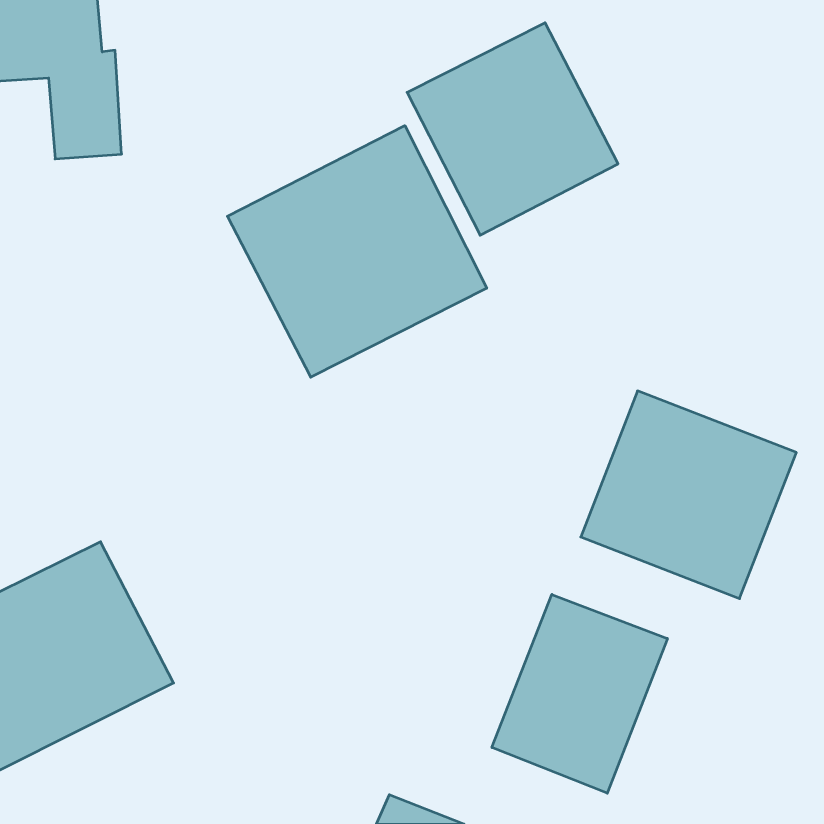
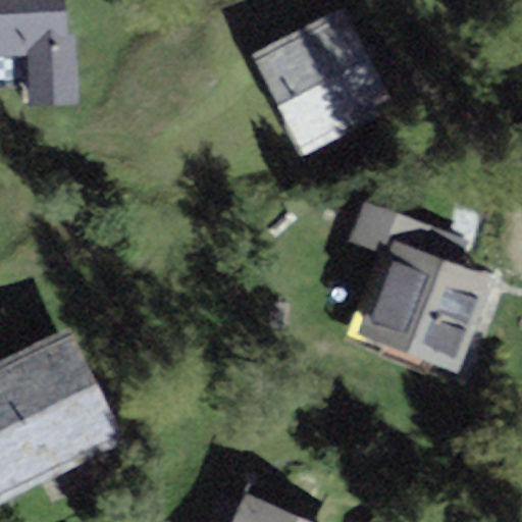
building: [227,126,487,377] -> none
building: [492,594,667,793] -> none

